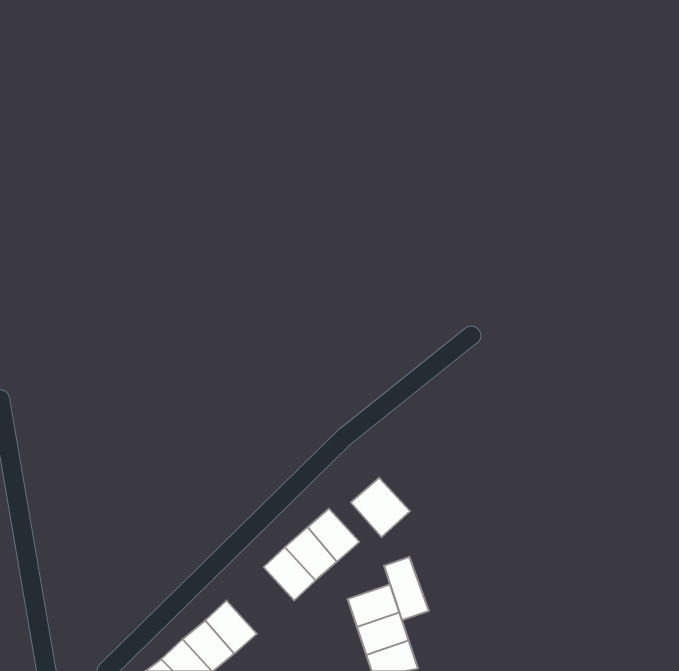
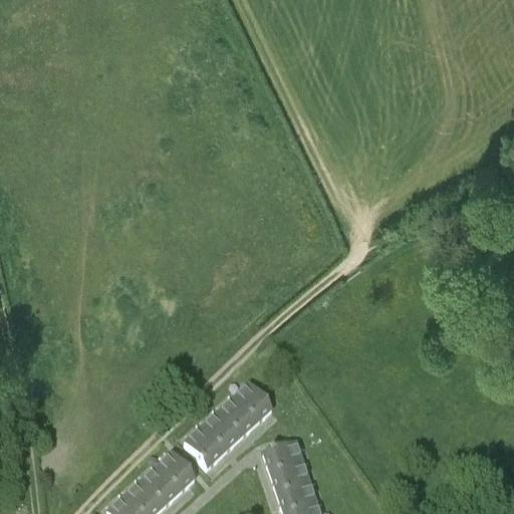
building: [351,478,410,537] -> none
building: [384,557,429,620] -> none
building: none -> [184,428,223,468]

